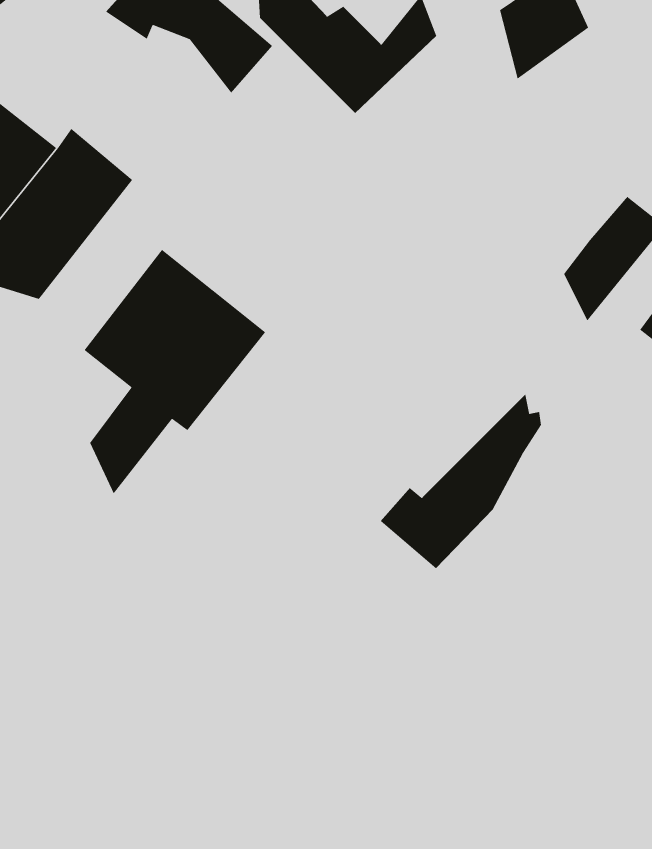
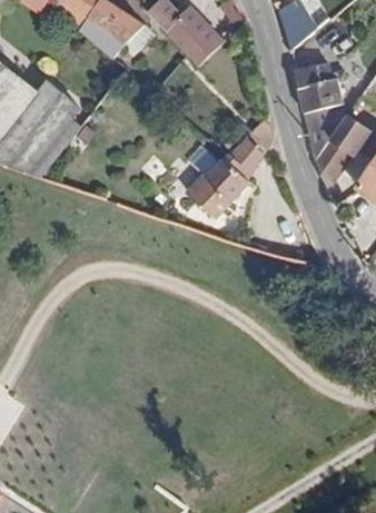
building: none -> [291,61,342,157]
building: [84,249,266,495] -> none
building: [380,393,542,569] -> [186,118,276,216]

